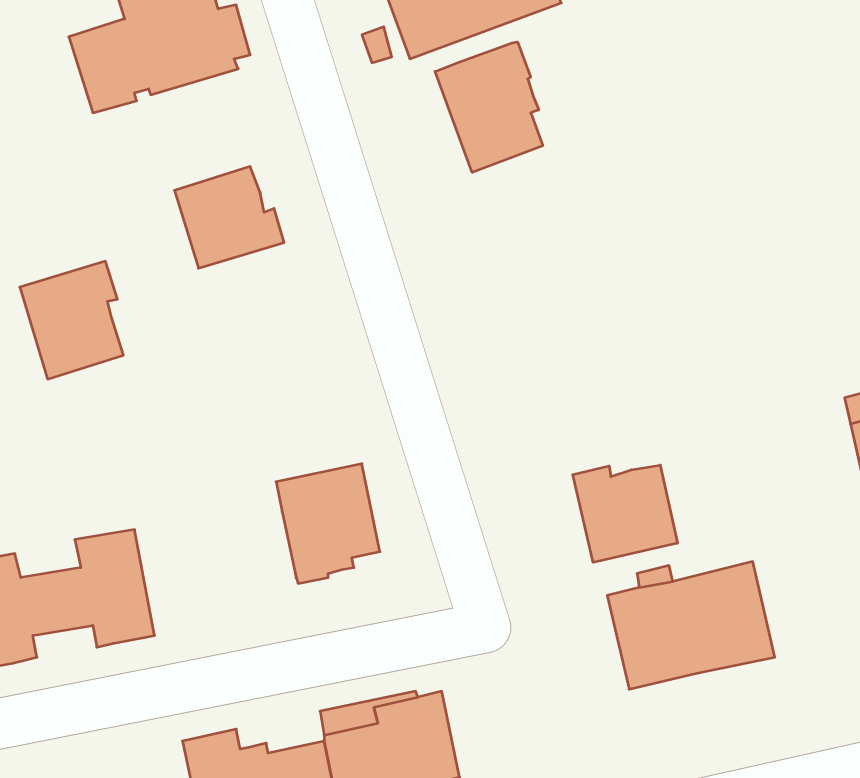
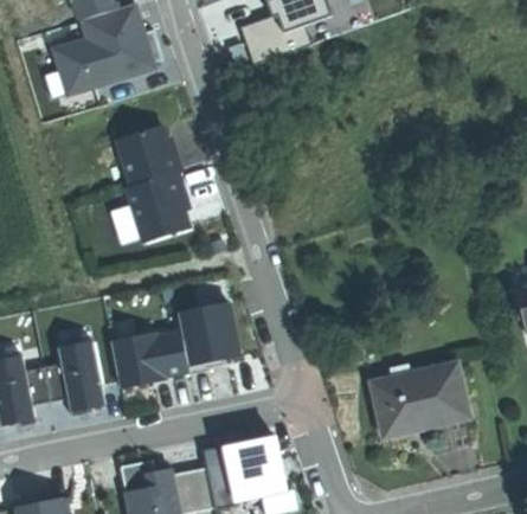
building: [435,42,543,172] -> none
building: [20,261,123,379] -> [126,173,187,243]
building: [573,465,677,562] -> none
building: none -> [109,332,187,388]

